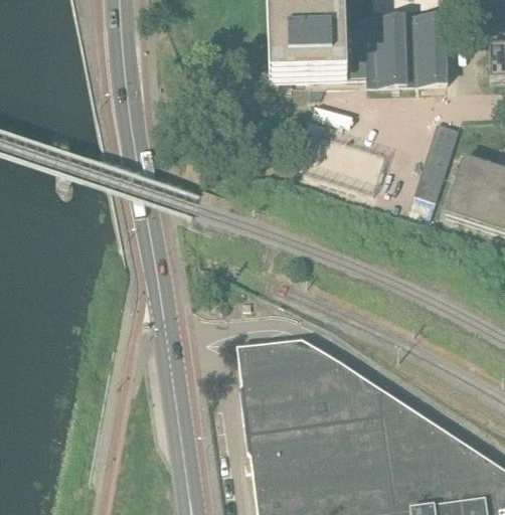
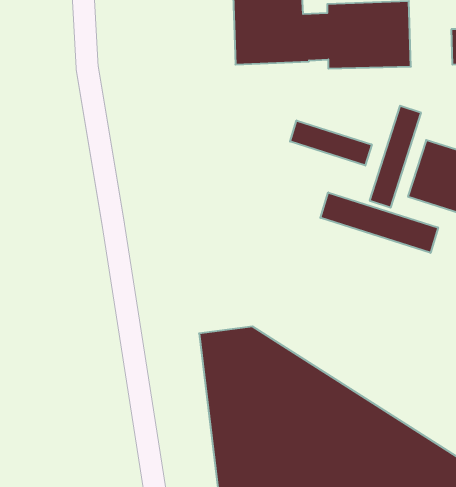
building: none -> [290,120,372,166]
building: none -> [320,192,438,253]

